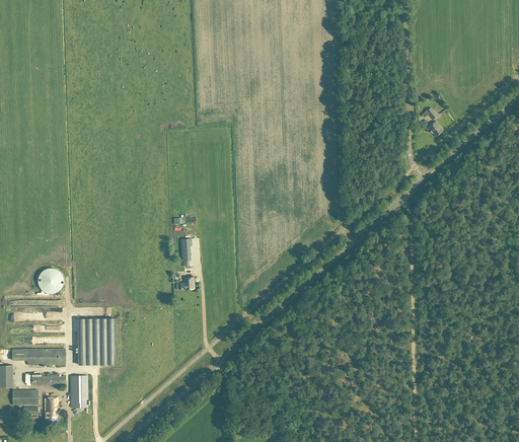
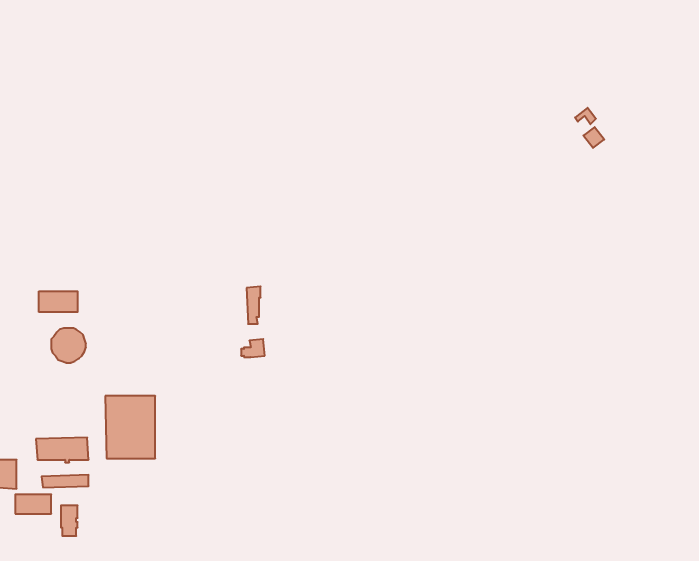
building: none -> [39,291,78,312]
building: [70,375,87,408] -> none

